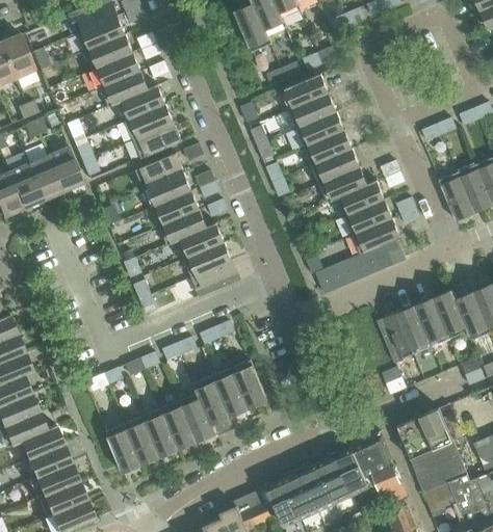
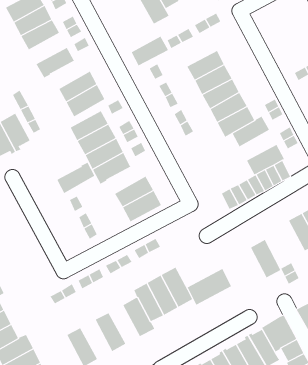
building: [92,52,140,88] -> none
building: [281,74,329,109] -> [131,36,169,66]
building: [116,83,166,122] -> none
building: [344,198,392,234] -> none
building: [175,222,224,260] -> [57,162,95,194]
building: [378,314,414,363] -> [250,239,281,278]
building: none -> [187,268,232,305]
building: [161,400,197,449] -> none
building: [124,415,160,464] -> none

